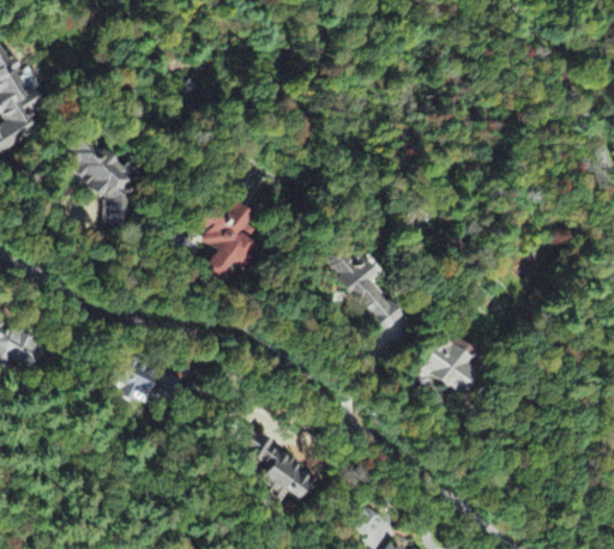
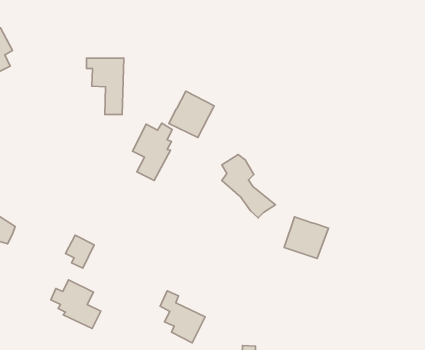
building: [78,147,130,225] -> [87,58,124,115]
building: none -> [169,91,214,137]
building: none -> [51,280,101,328]

